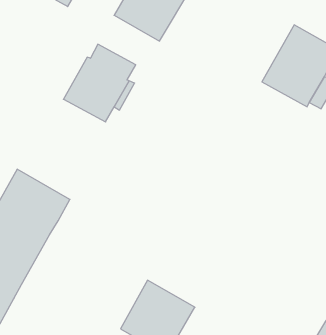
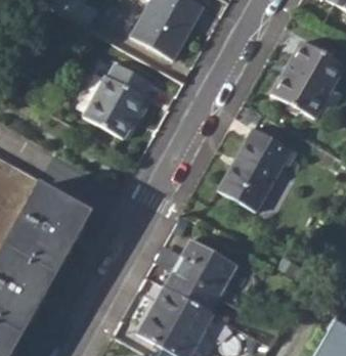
building: none -> [215,133,295,218]
building: none -> [162,239,234,314]

